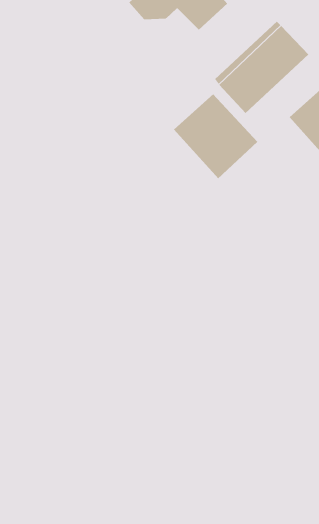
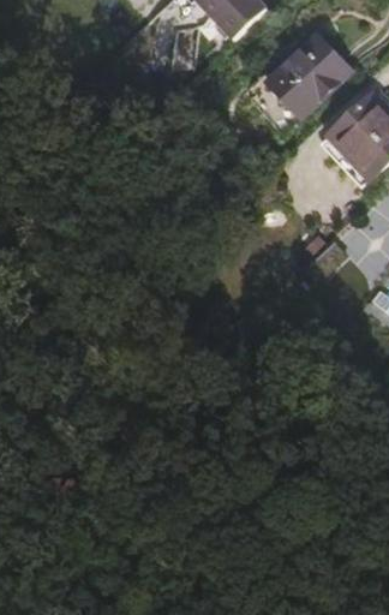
building: [173,93,258,179] -> none

